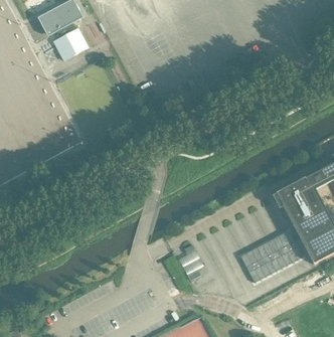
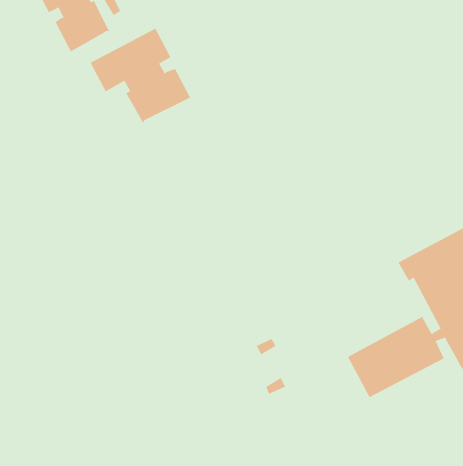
building: none -> [90,28,191,123]

